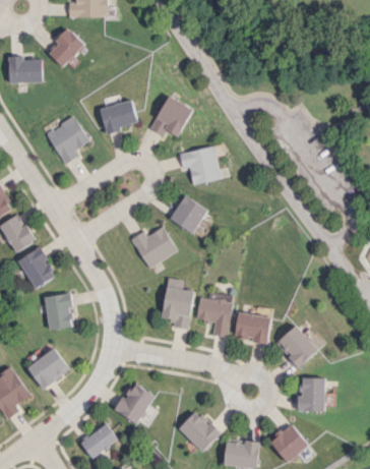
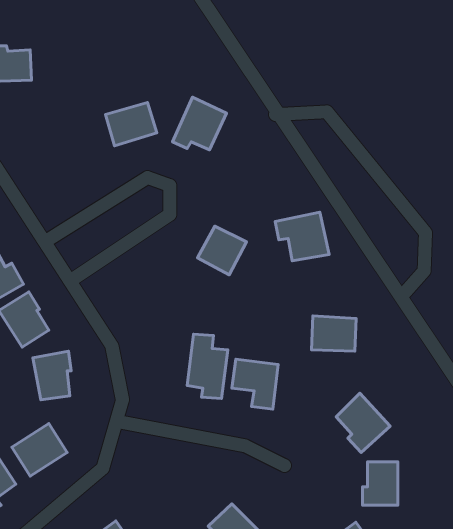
building: [49,27,84,67] -> none
building: [45,116,88,165] -> none
building: [179,146,221,184] -> [275,212,329,261]
building: [130,227,177,269] -> none
building: [235,313,269,341] -> [311,316,356,351]
building: [115,382,155,424] -> none

